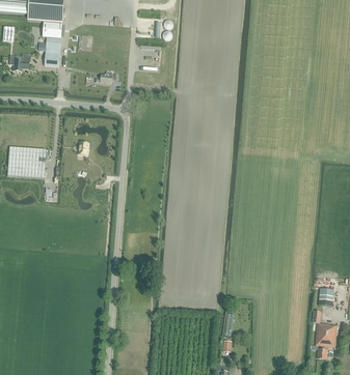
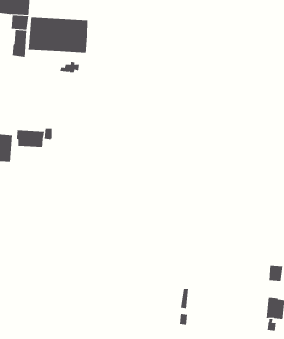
building: none -> [28,16,88,54]
building: none -> [17,129,45,148]

